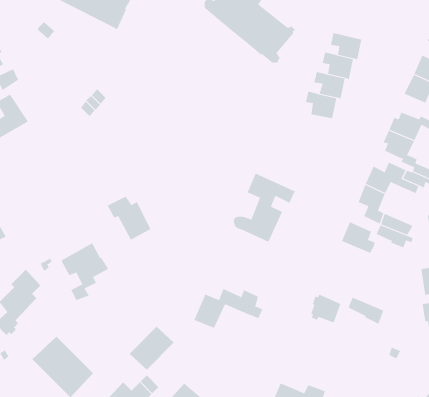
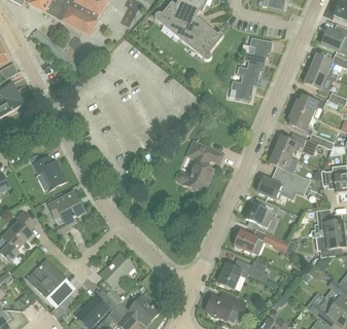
building: [107,196,151,240] -> [33,155,66,188]
building: none -> [245,200,284,226]
building: [194,288,263,329] -> [217,258,269,288]

